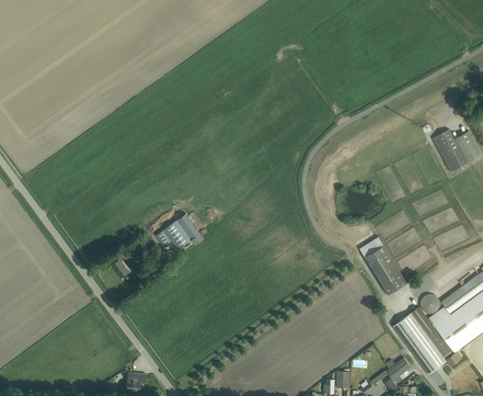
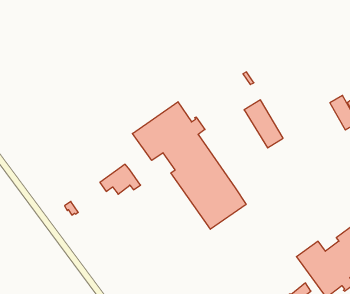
building: none -> [132,102,246,229]
building: [358,237,405,295] -> [244,100,283,148]

